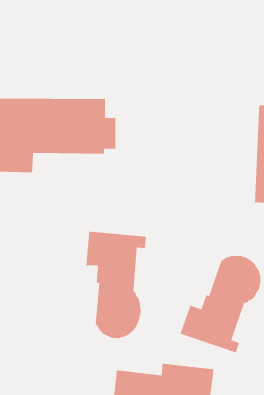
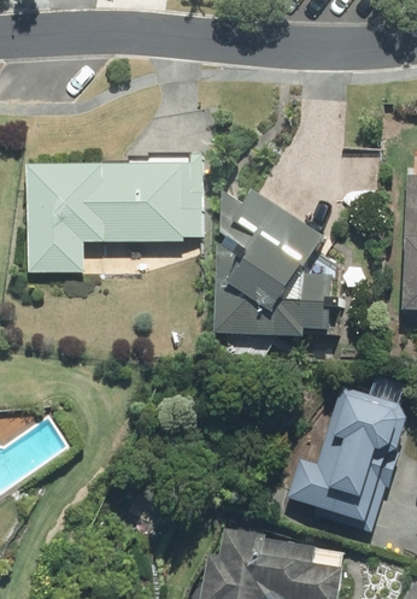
building: none -> [212,189,331,337]
building: [86,231,147,339] -> none

